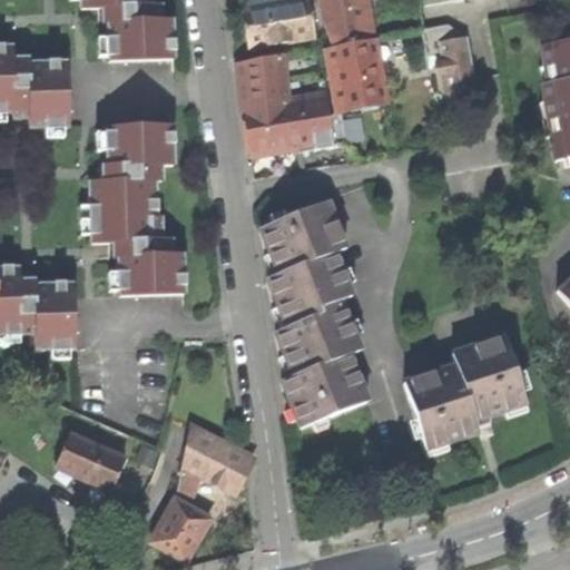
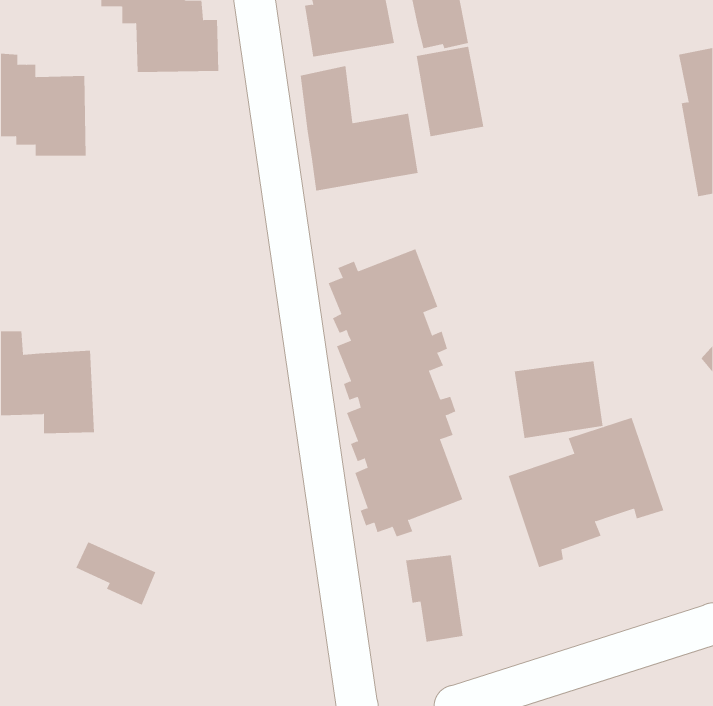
building: [426,21,476,87] -> none
building: [90,122,184,293] -> none
building: none -> [514,360,603,439]
building: [151,425,255,559] -> none
building: none -> [405,554,463,642]

